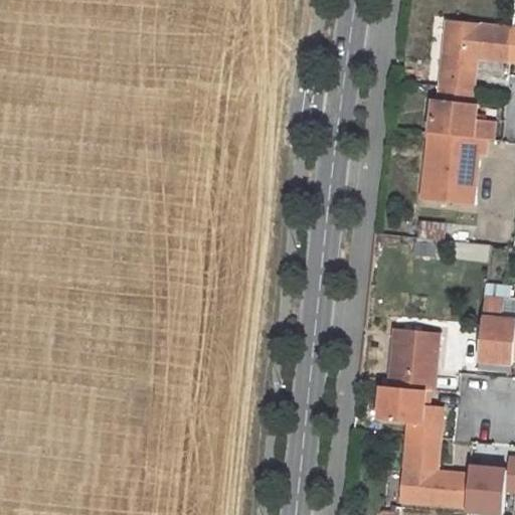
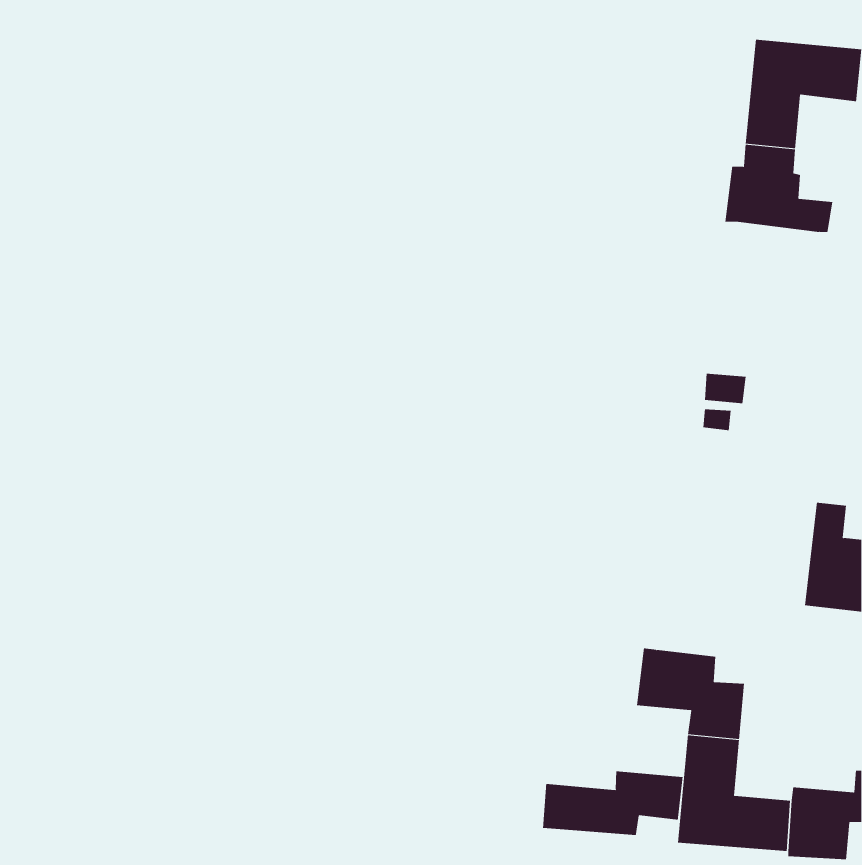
building: [422,132,486,203] -> none
building: [389,328,438,389] -> none
building: none -> [542,771,683,836]

